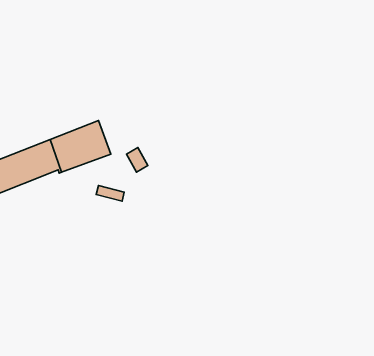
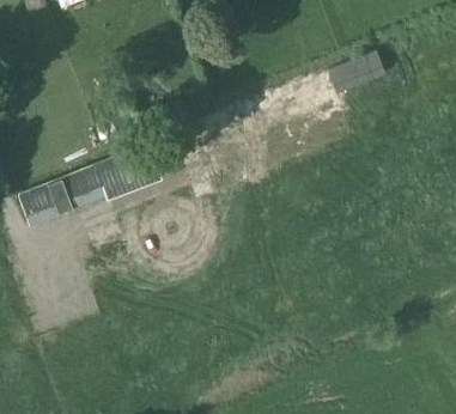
building: none -> [328,49,387,95]

